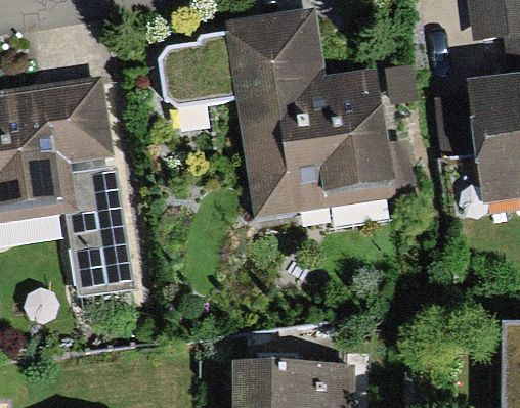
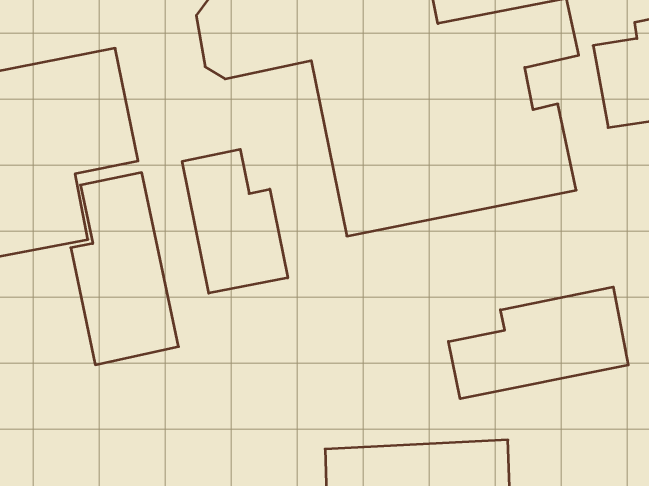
building: none -> [182,149,288,293]
building: none -> [448,287,628,399]

